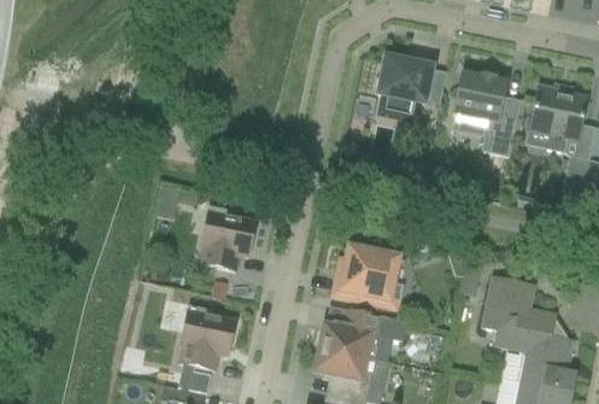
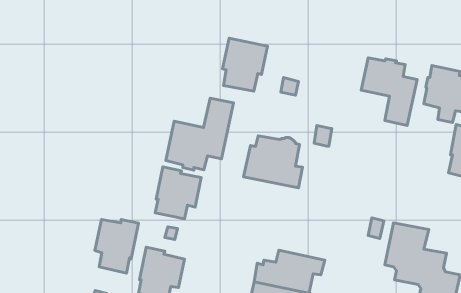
building: [377,55,433,121] -> [222,38,268,91]
building: none -> [166,98,233,170]
building: [330,245,403,309] -> [244,136,302,188]
building: none -> [95,219,139,273]

